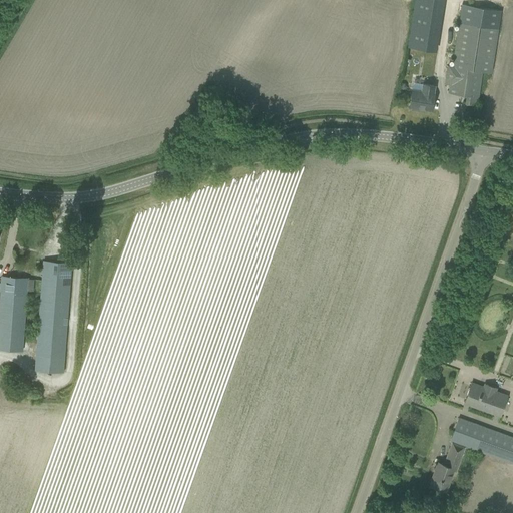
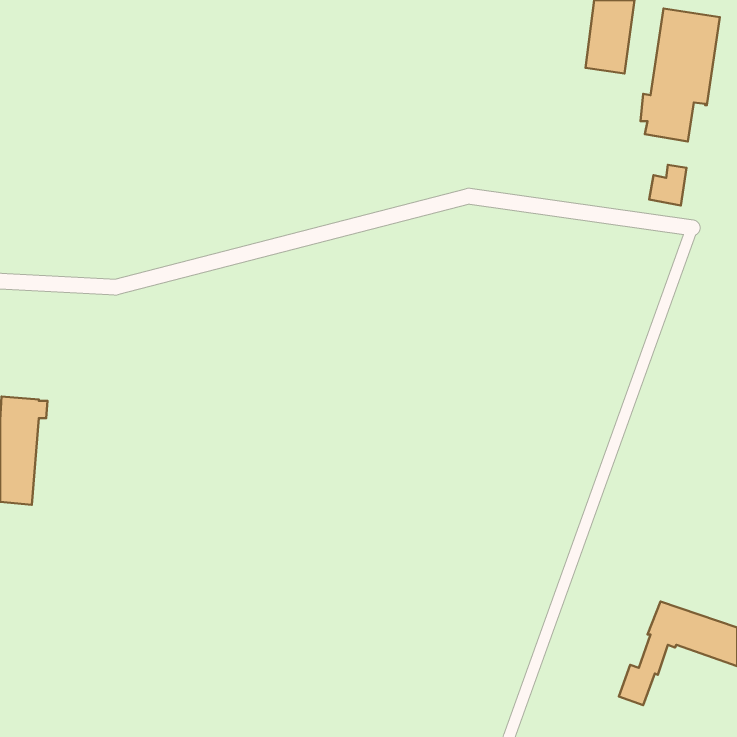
building: [409,82,435,110] -> [649,165,687,205]
building: [35,261,71,372] -> none
building: [464,383,507,415] -> none

